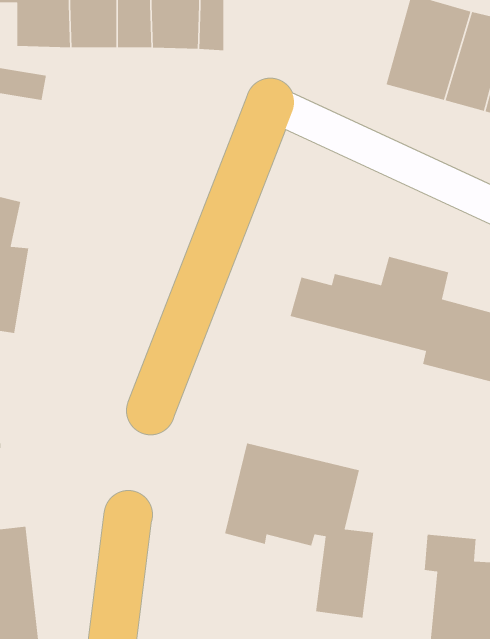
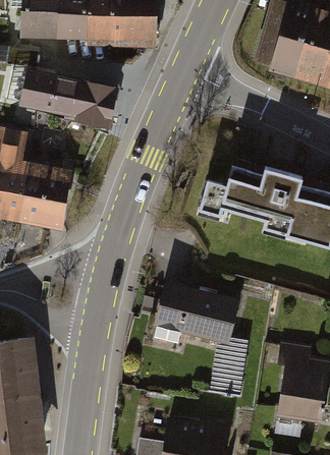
building: none -> [19,69,114,125]
building: none -> [19,162,68,224]

